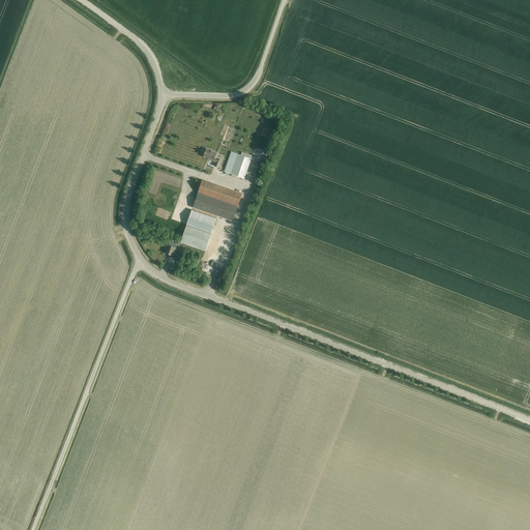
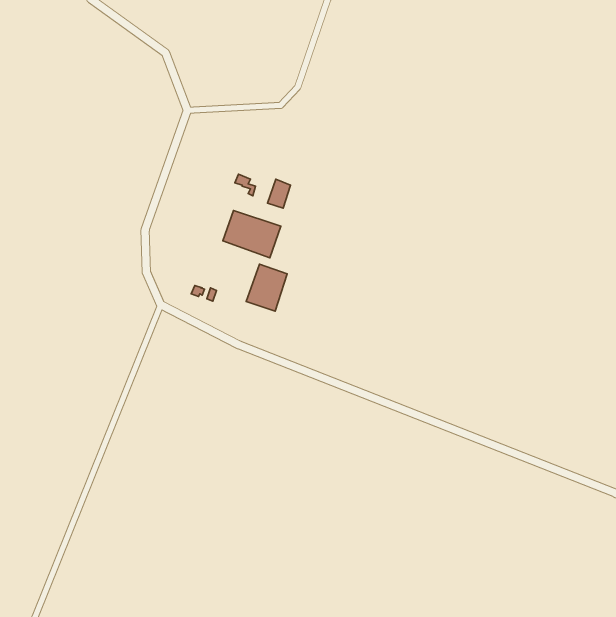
building: [179,209,214,249] -> [246,264,287,311]

